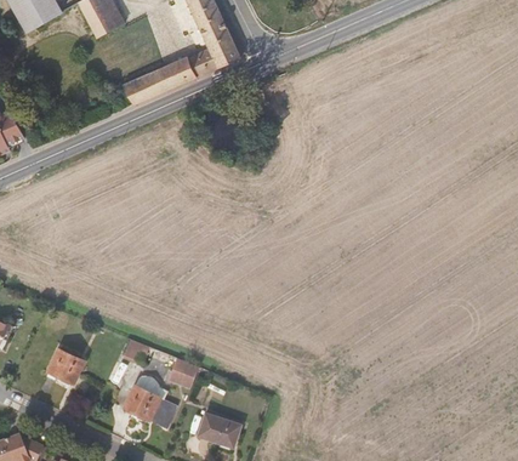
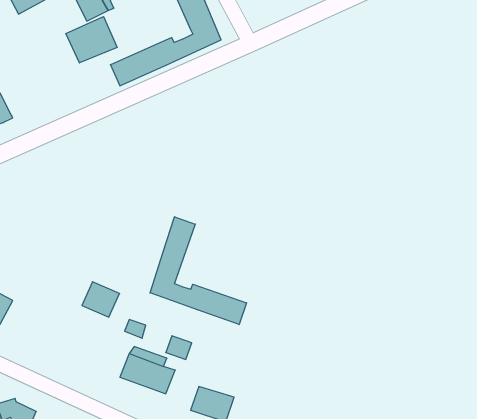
building: none -> [66,17,117,63]
building: none -> [150,217,247,325]
building: [49,351,87,387] -> [82,282,120,317]

